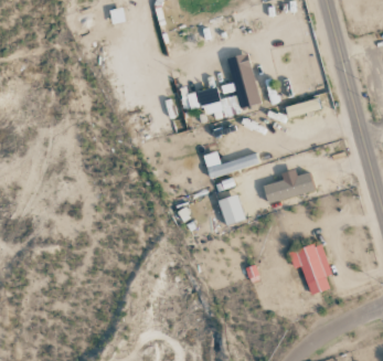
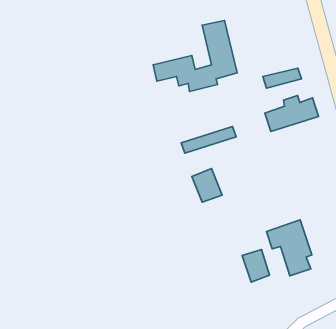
building: [264,169,315,203] -> [265,96,318,132]
building: none -> [242,250,270,282]

